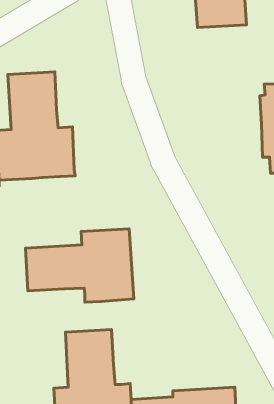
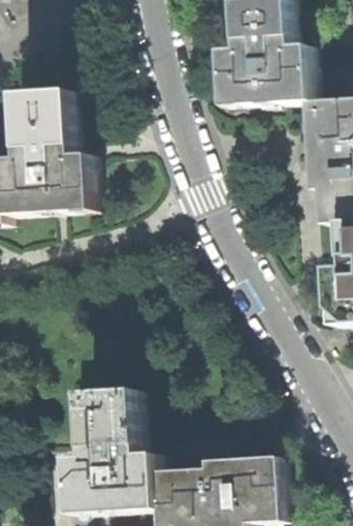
building: none -> [218,33,311,104]
building: [26,229,134,302] -> none

